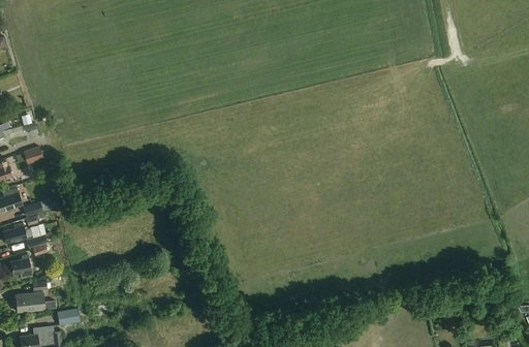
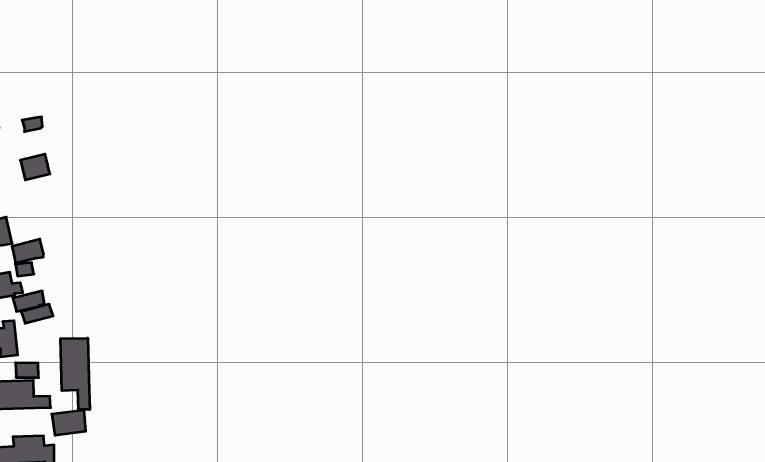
building: none -> [61,338,90,410]

